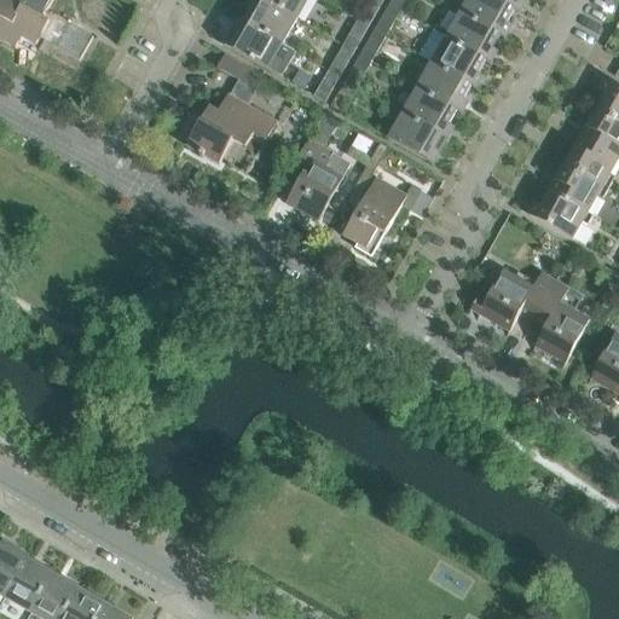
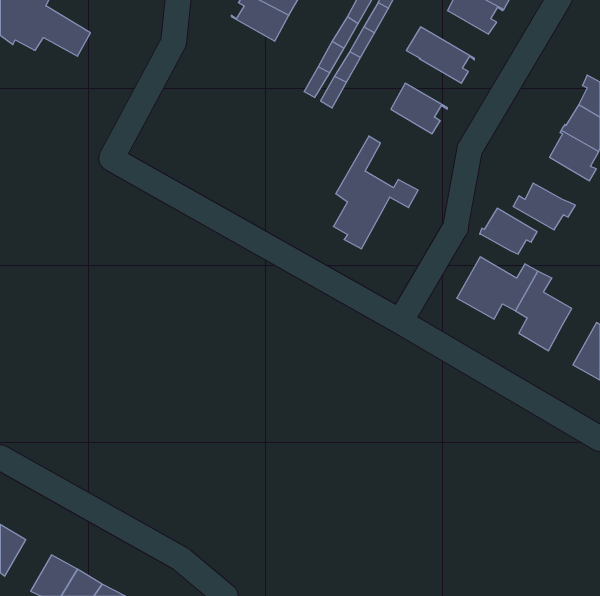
building: [446,11,503,60] -> none
building: [228,17,291,74] -> none
building: [178,52,277,163] -> none
building: [417,60,475,111] -> none
building: [389,112,445,162] -> none
building: [285,128,349,220] -> none
building: [548,162,607,209] -> [480,208,537,254]
building: [5,556,53,609] -> none

